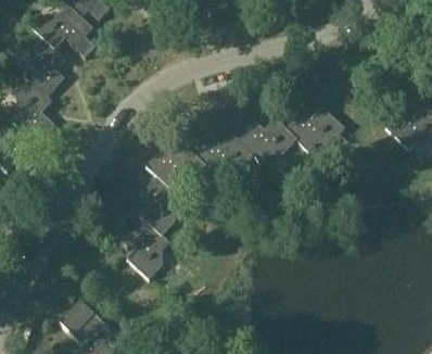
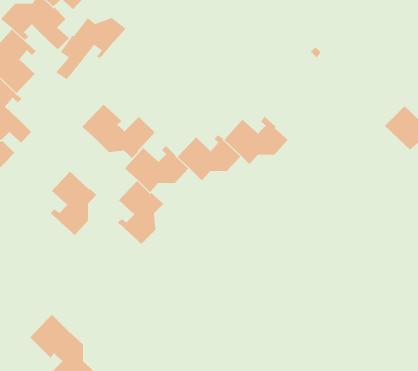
building: none -> [55,17,127,80]
building: [281,99,344,151] -> none
building: none -> [81,104,156,159]
building: [126,219,169,279] -> [50,171,97,236]

